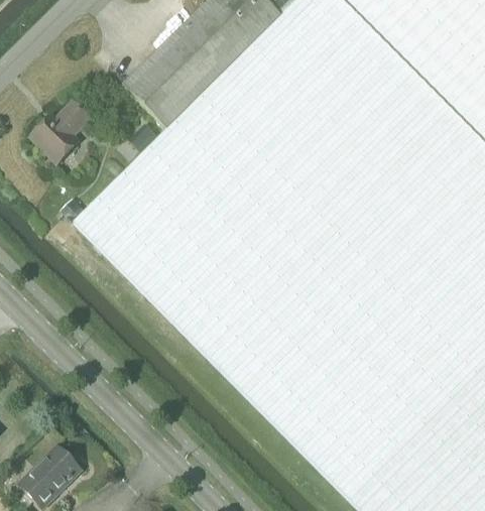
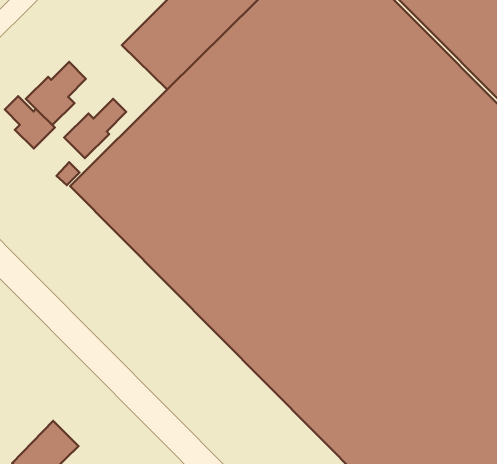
building: none -> [5,96,55,149]
building: none -> [64,99,126,158]

